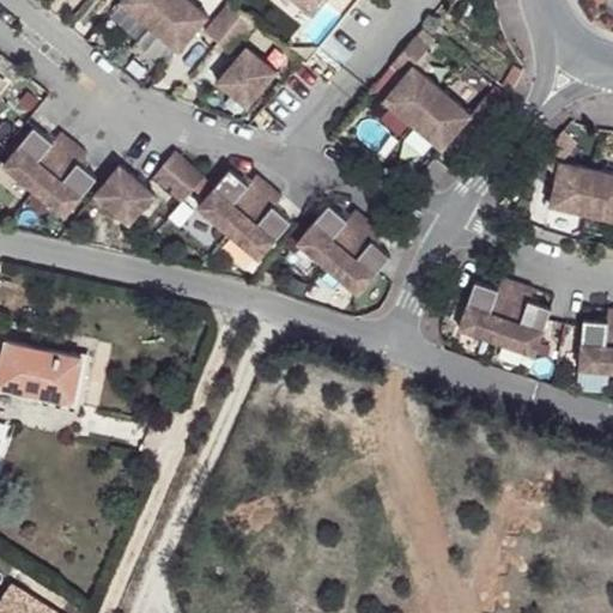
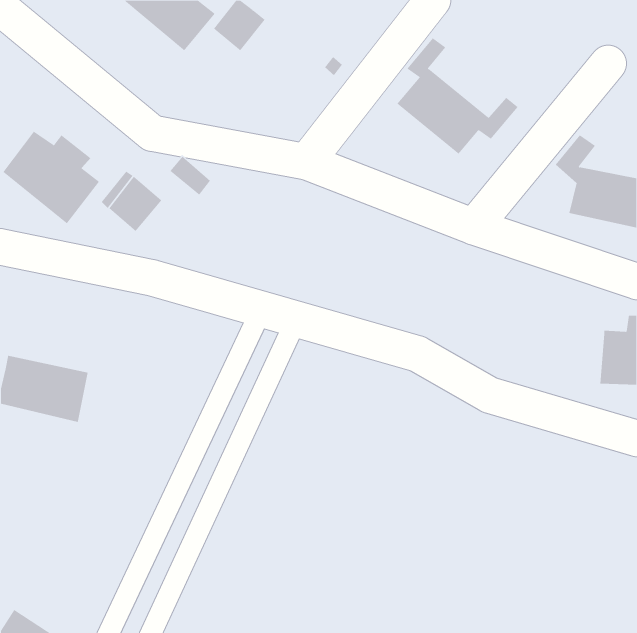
building: [216,47,275,108] -> none
building: [196,169,292,261] -> none
building: [295,205,389,295] -> none
building: [454,274,547,356] -> none

